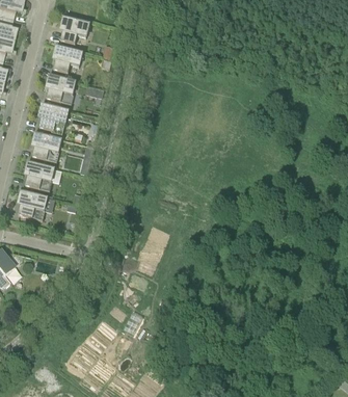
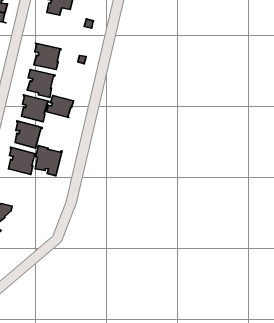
building: [53,44,83,71] -> none
building: none -> [45,96,73,117]
building: none -> [35,146,62,176]

